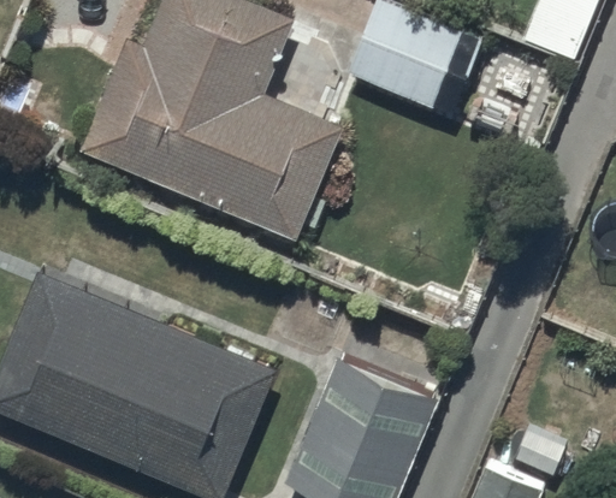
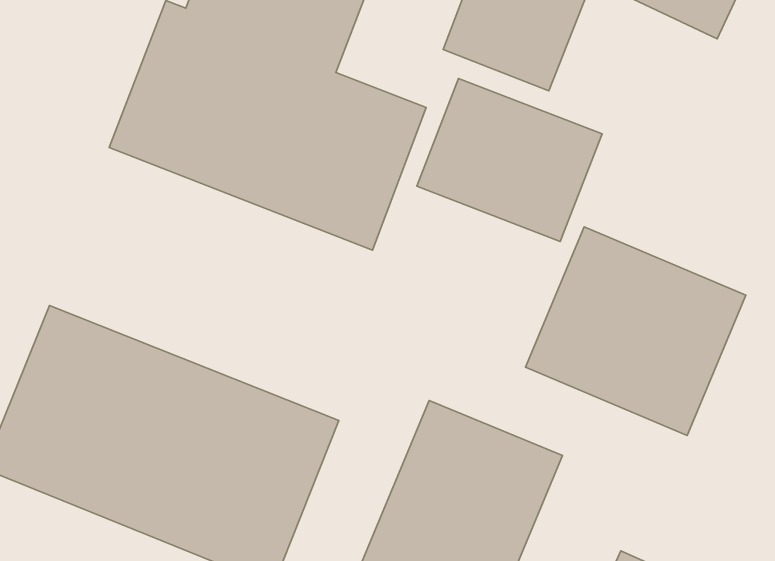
building: none -> [417,78,602,241]
building: none -> [526,227,746,435]

